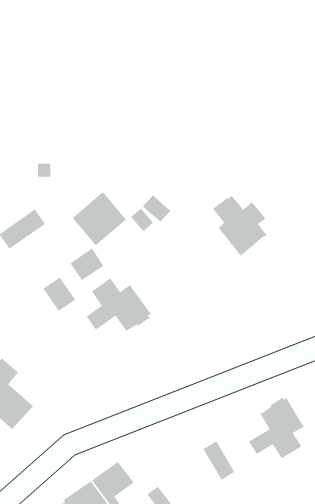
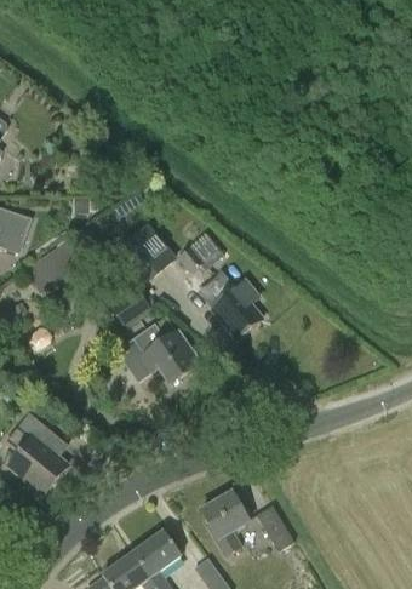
building: [212,195,267,256] -> [200,271,262,341]
building: [42,277,76,318] -> none
building: [248,397,305,459] -> none
building: none -> [201,492,248,555]

